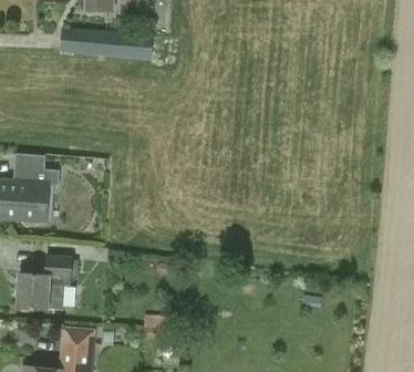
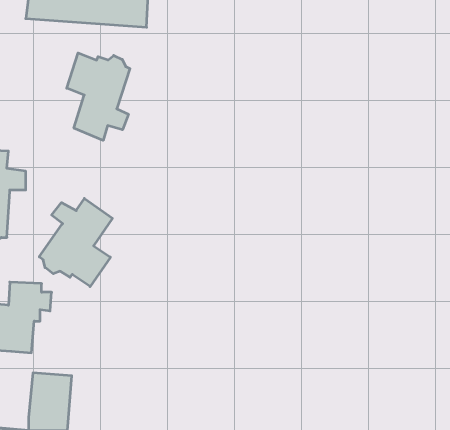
building: none -> [67,53,130,140]
building: none -> [39,198,112,287]

